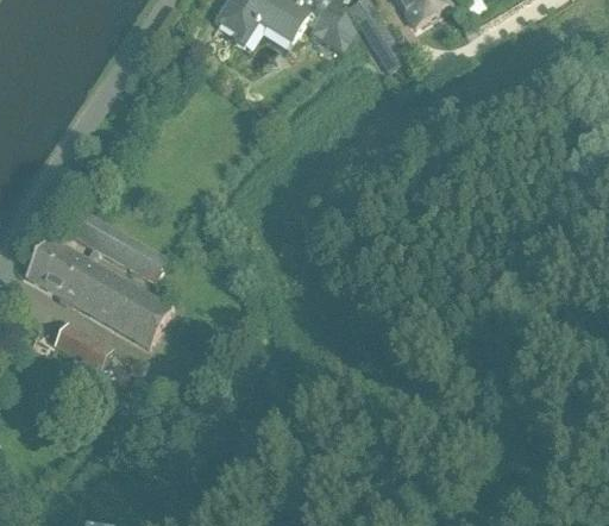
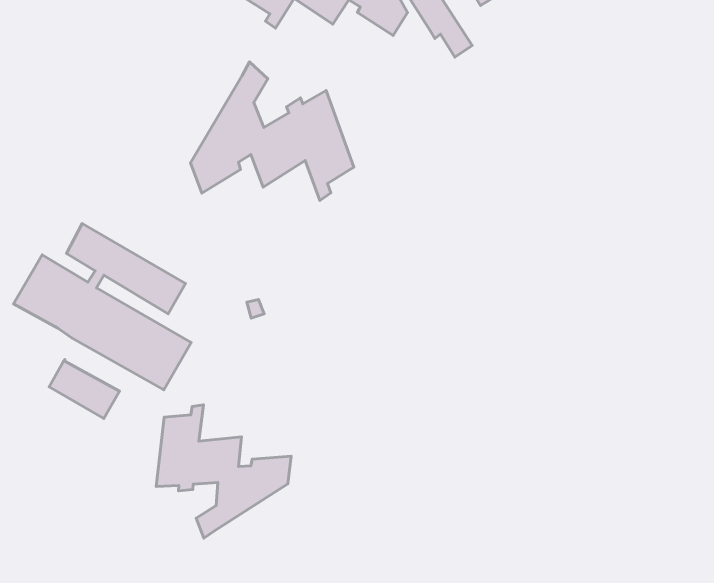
building: none -> [191,62,354,200]
building: none -> [156,405,291,538]

